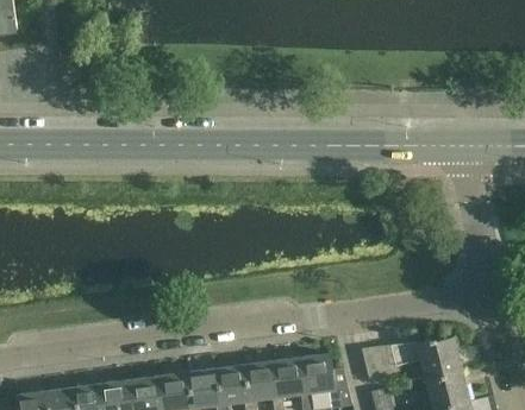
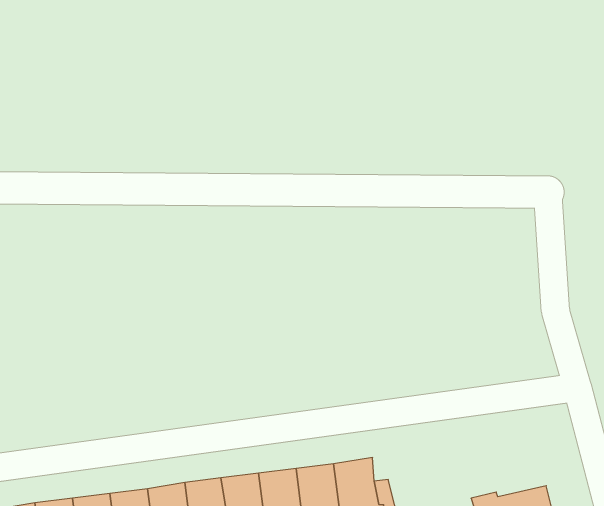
building: [360,341,462,381] -> none

